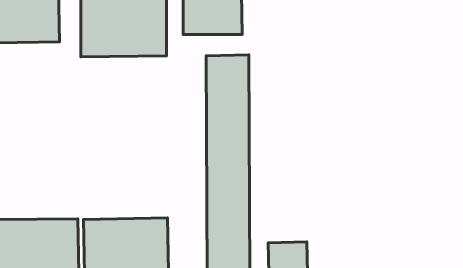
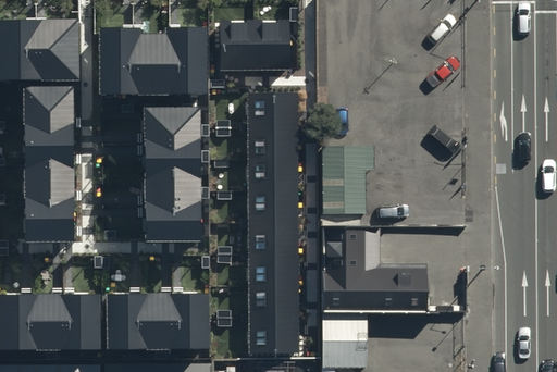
building: none -> [23,84,73,243]
building: none -> [140,113,198,241]
building: none -> [322,149,428,313]

